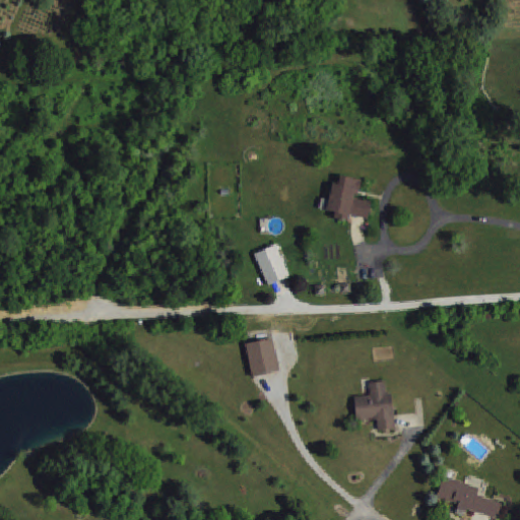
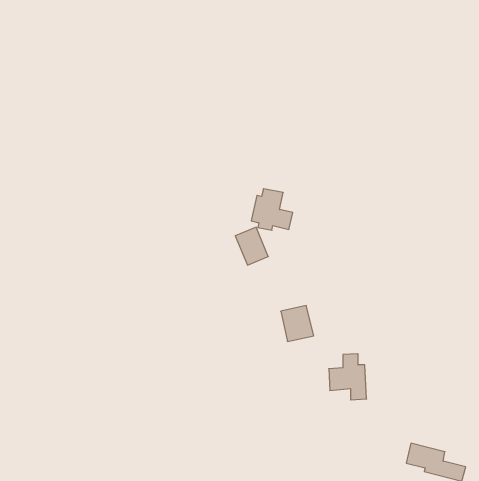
building: [326,176,371,220] -> [251,189,293,230]
building: [244,338,279,377] -> [281,306,314,341]

